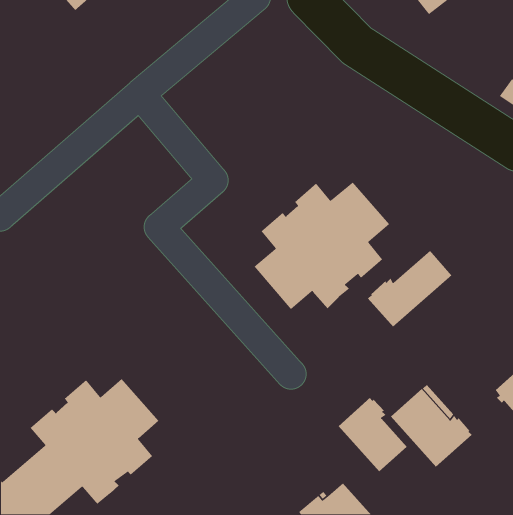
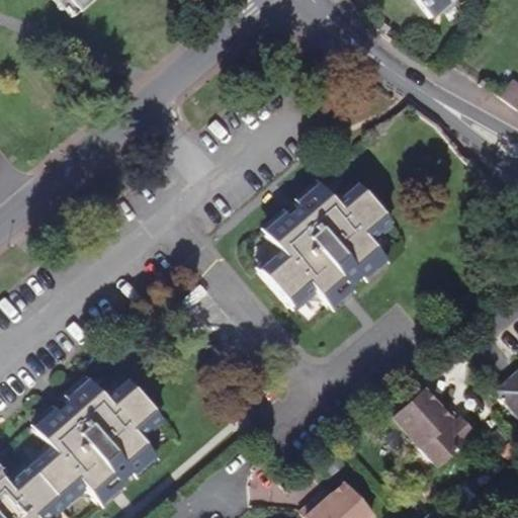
building: [367,250,453,328] -> none
building: [338,397,407,472] -> none

